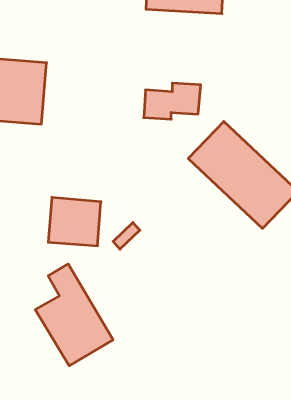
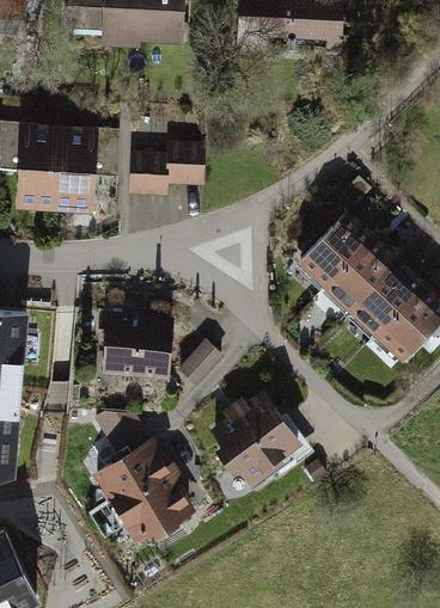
building: [144,83,201,119] -> [127,145,206,195]
building: none -> [203,387,304,487]

